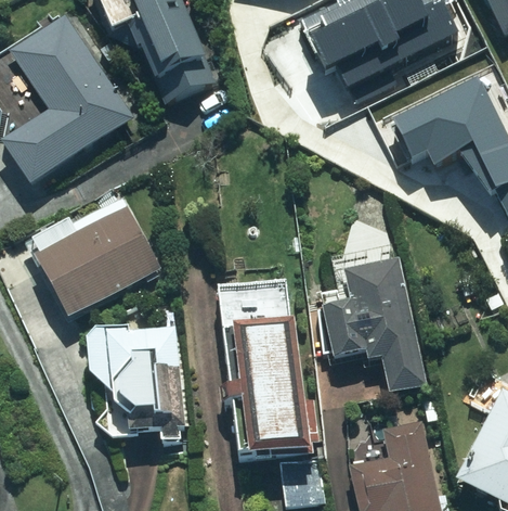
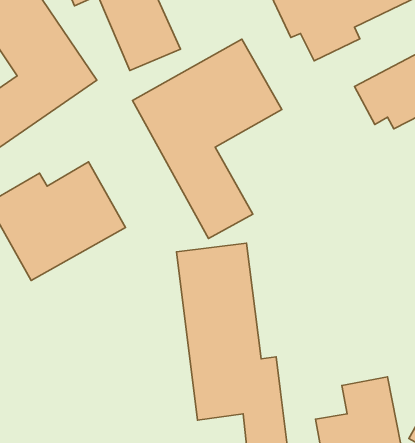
building: none -> [132,39,282,238]
building: [322,252,426,391] -> none
building: [88,322,186,444] -> none

